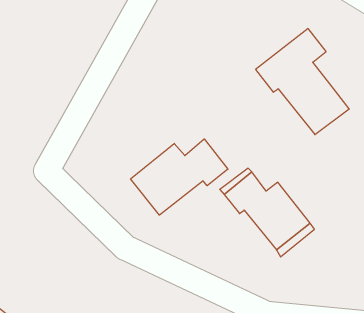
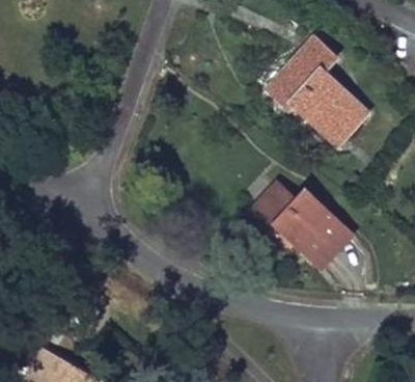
building: [131,139,228,215] -> none

